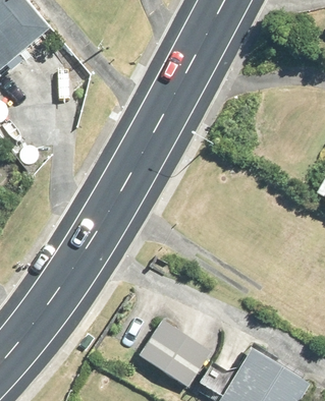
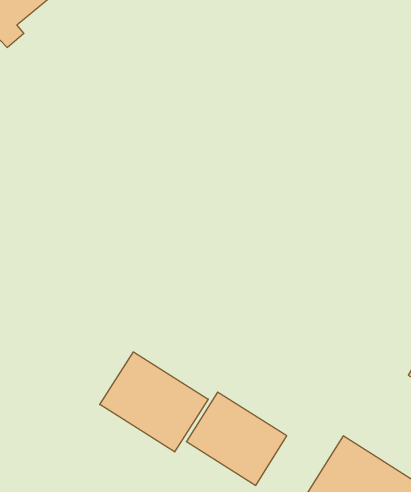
building: none -> [100,352,208,452]

